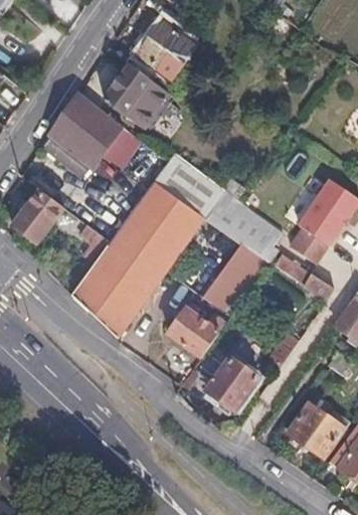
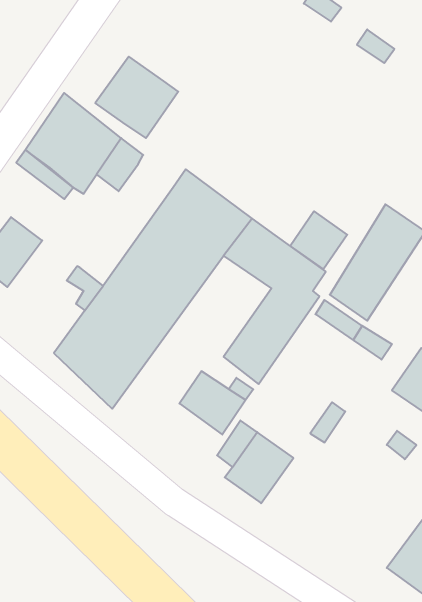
building: [143,27,186,71] -> none
building: none -> [290,211,347,269]
building: [290,403,345,458] -> none

